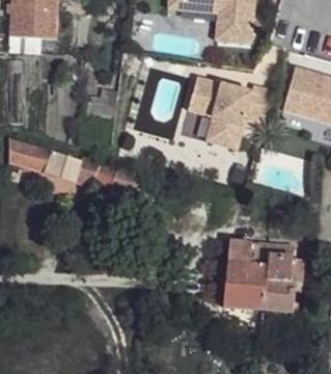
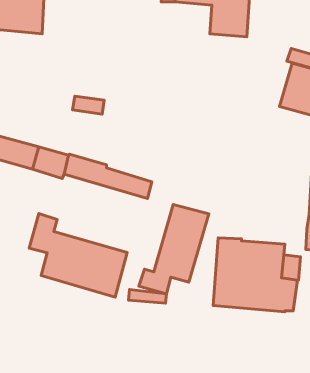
building: [189,77,273,150] -> none
building: none -> [139,205,209,294]
building: none -> [29,214,127,297]

